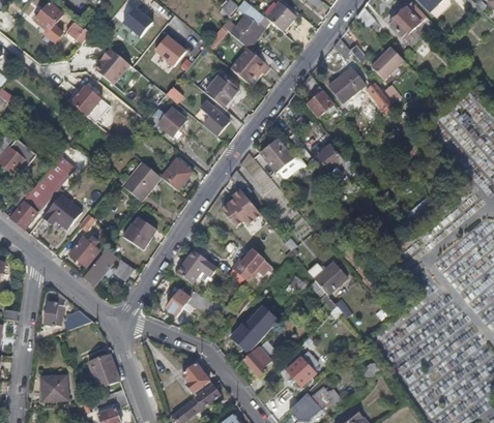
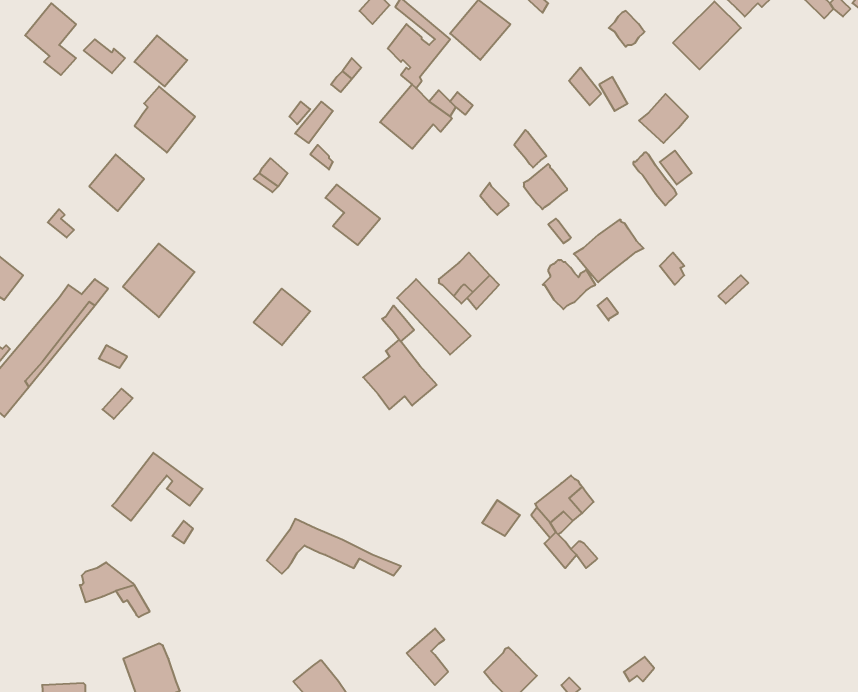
building: [123,6,152,34] -> [134,35,187,86]
building: [155,33,185,64] -> none
building: [328,67,367,101] -> [574,220,644,282]
building: [205,74,239,110] -> none
building: [157,109,186,142] -> none
building: [121,162,161,203] -> [123,244,195,317]
building: [41,194,81,230] -> none
building: [123,218,155,250] -> none
building: [68,237,97,267] -> none
building: [233,248,264,281] -> none
building: [177,249,219,283] -> none
building: [45,295,64,325] -> none
building: [226,303,279,356] -> none

